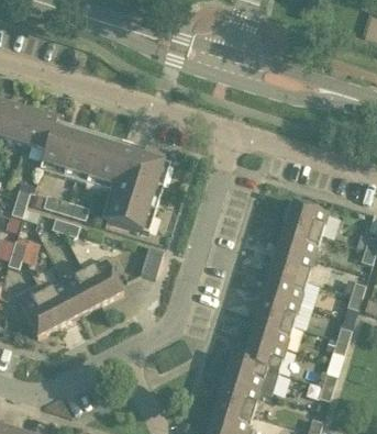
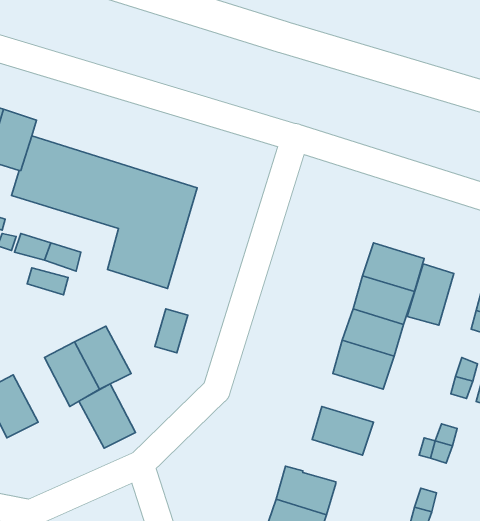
building: none -> [407,264,454,325]
building: [42,280,81,325] -> [79,384,136,448]
building: [257,291,300,325] -> none
building: [244,337,286,371] -> none

